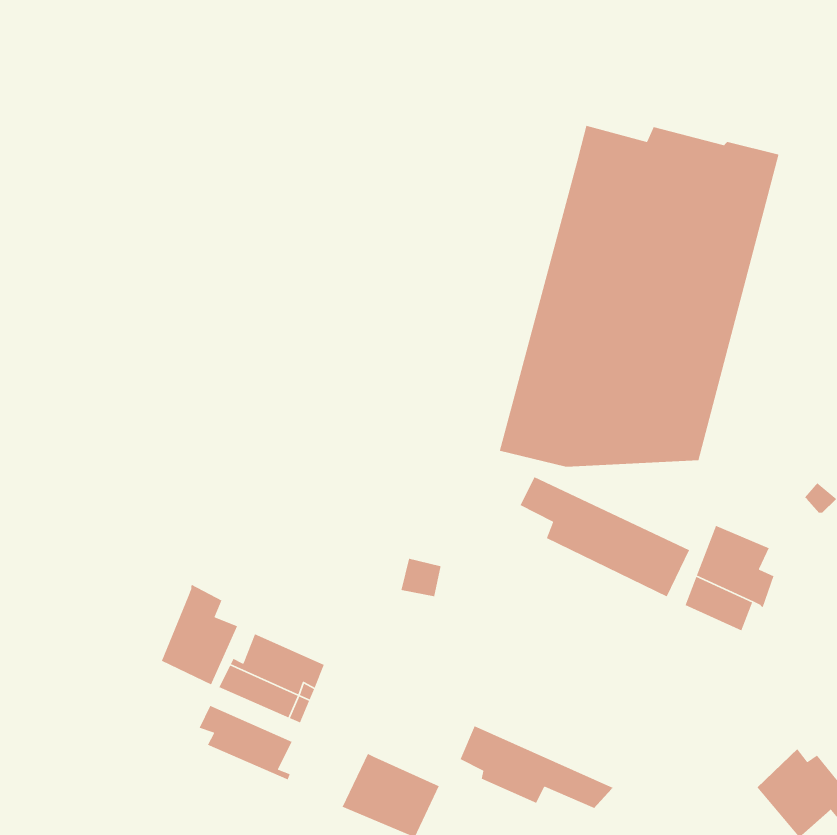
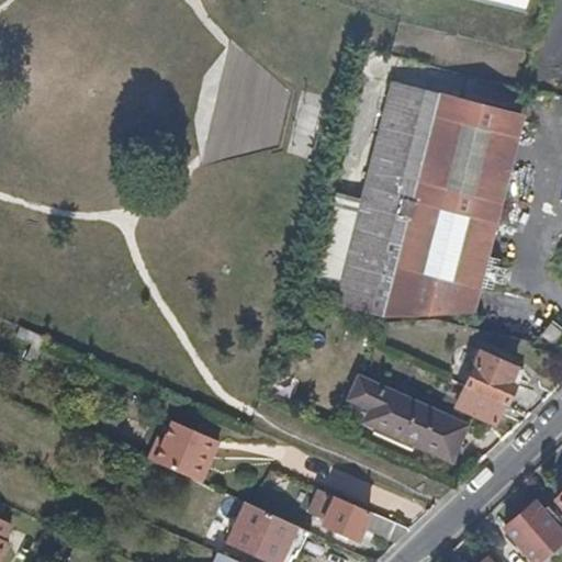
building: [519,476,690,598] -> [351,378,465,459]
building: [161,584,238,686] -> none
building: [198,705,293,781] -> none

